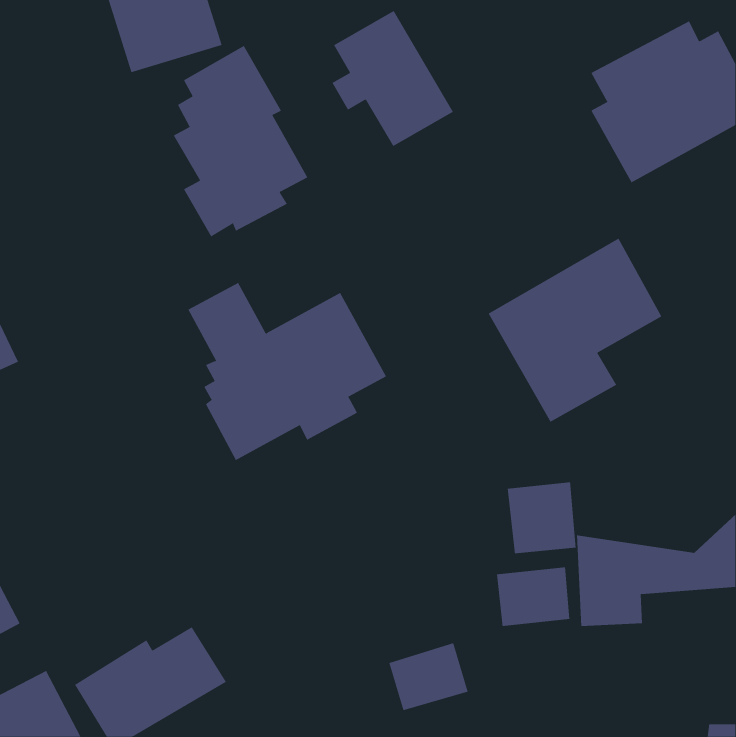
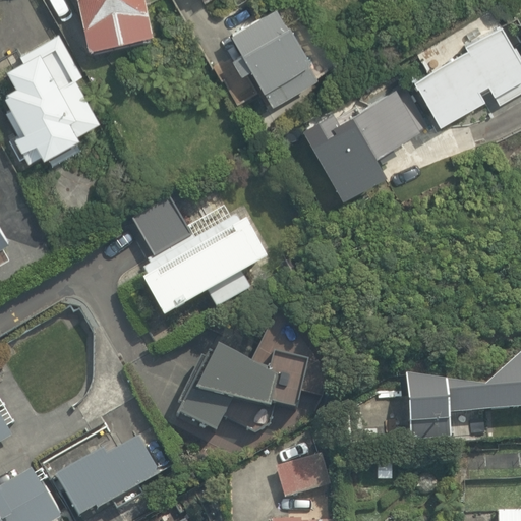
building: [173,45,308,237] -> [6,28,101,163]
building: [488,238,662,423] -> [301,74,423,204]
building: [507,481,576,554] -> none
building: none -> [173,348,308,438]

